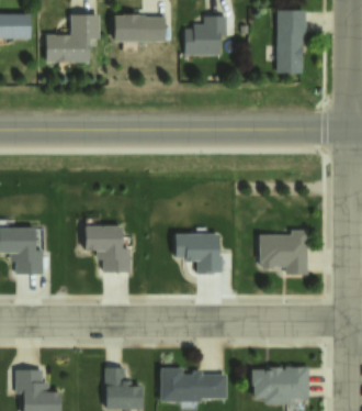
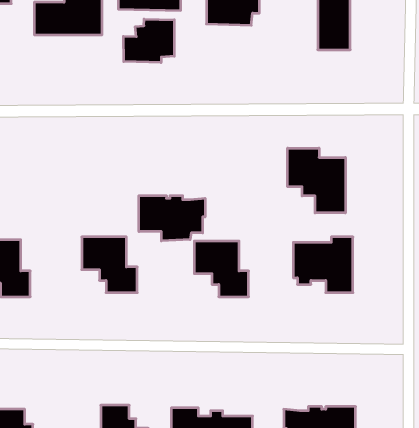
building: none -> [123,19,174,63]
building: none -> [288,148,345,213]
building: none -> [139,196,205,241]

